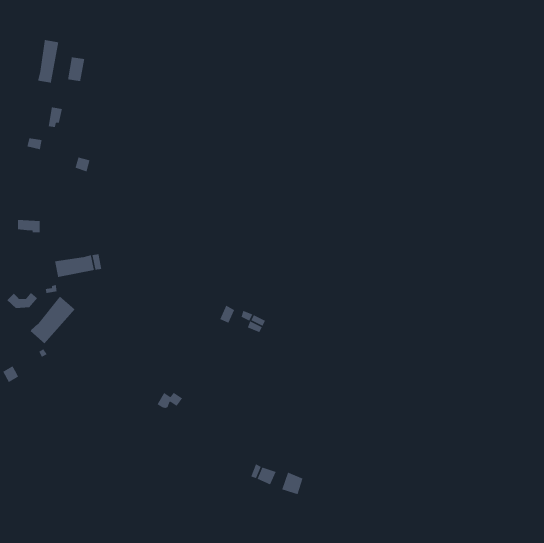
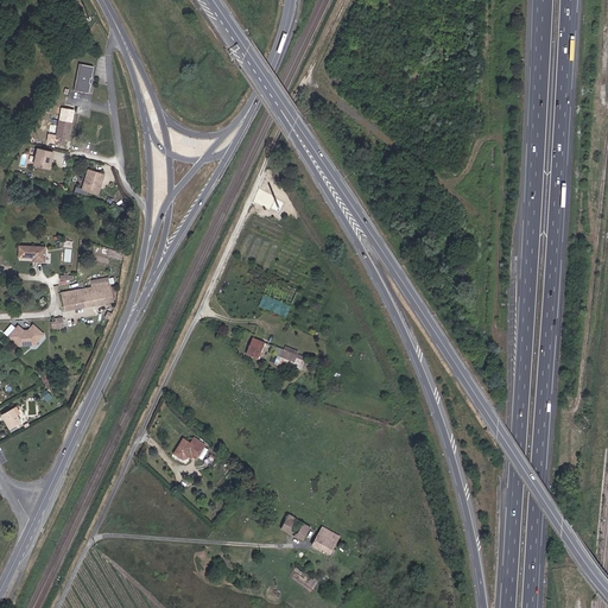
building: [37,39,59,84] -> none
building: [30,296,75,344] -> none

